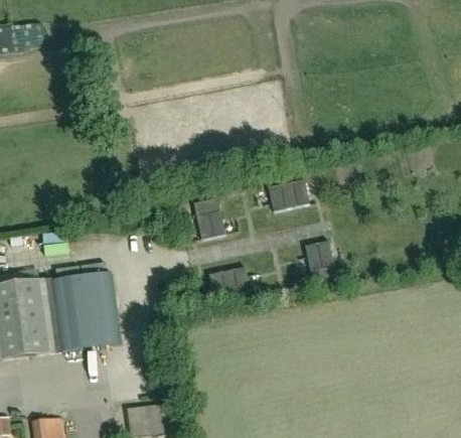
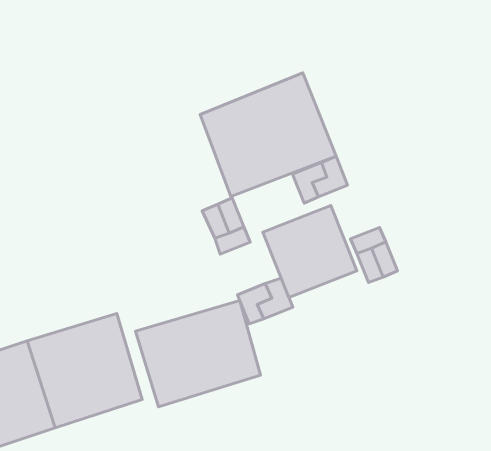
building: none -> [200,73,336,196]
building: none -> [263,205,357,297]
building: none -> [135,301,261,407]

